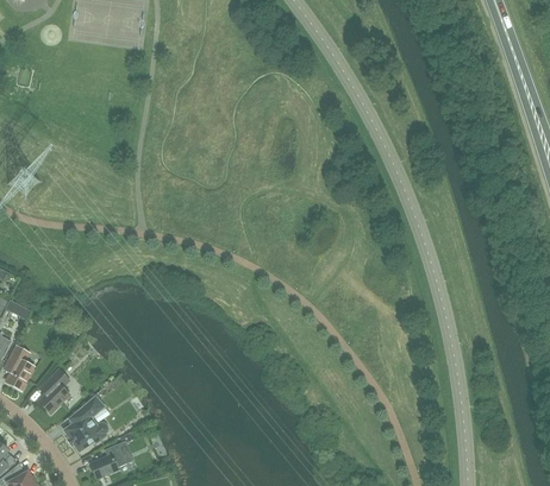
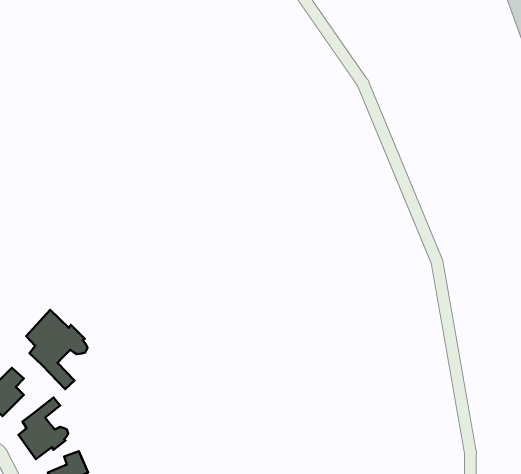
building: none -> [26,310,87,389]

